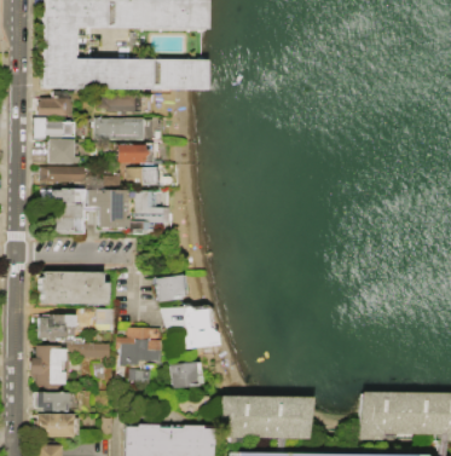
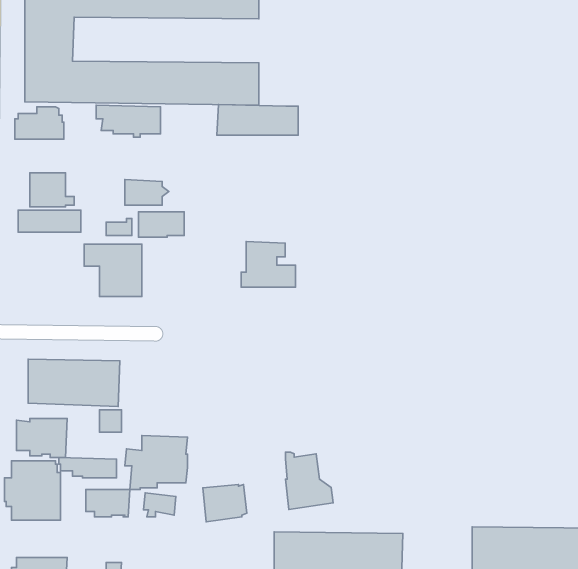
building: [33,117,74,138] -> none
building: [93,117,151,139] -> [217,105,298,135]
building: [47,189,82,233] -> none
building: [129,190,168,223] -> [241,242,295,287]
building: [151,275,185,301] -> none
building: [184,307,218,348] -> [286,452,333,510]
building: [35,392,67,411] -> [86,490,130,517]

